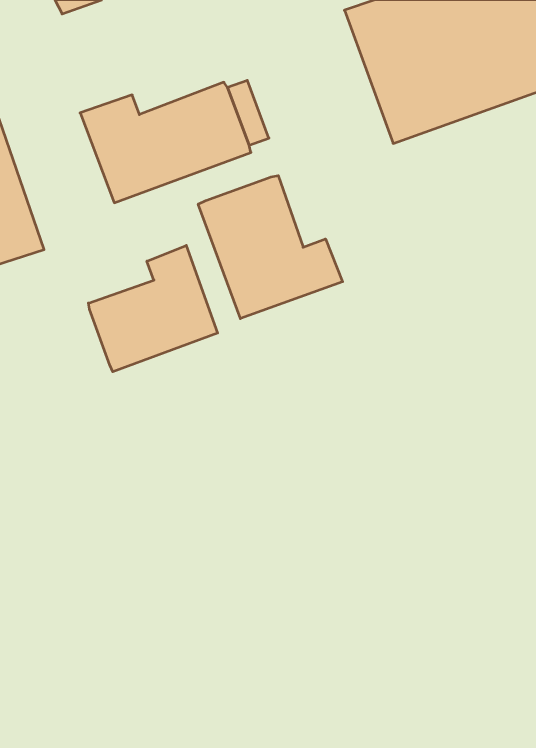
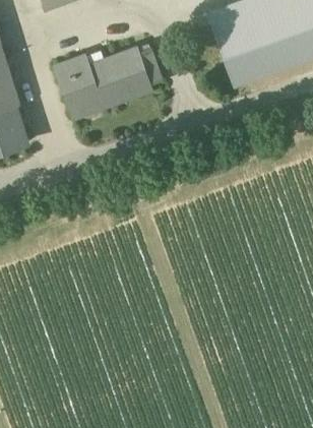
building: [198,176,343,319] -> none
building: [88,245,218,372] -> none

